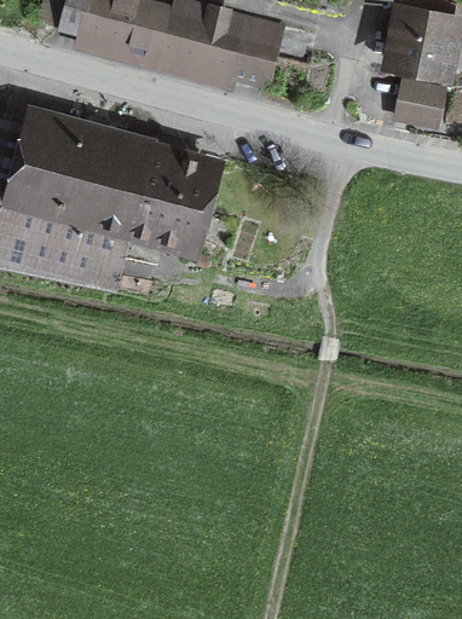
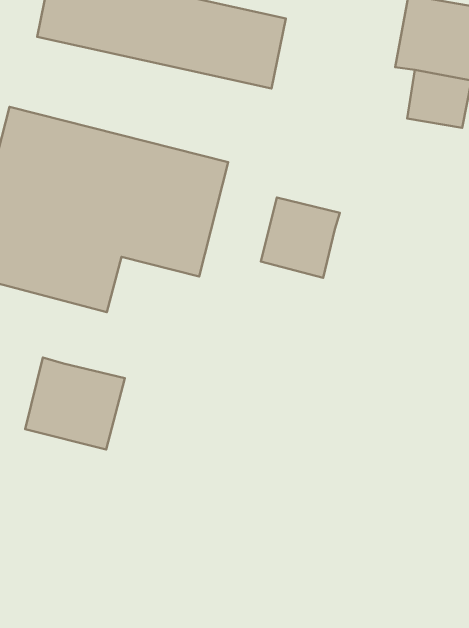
building: none -> [261,197,340,278]
building: none -> [25,357,125,449]

